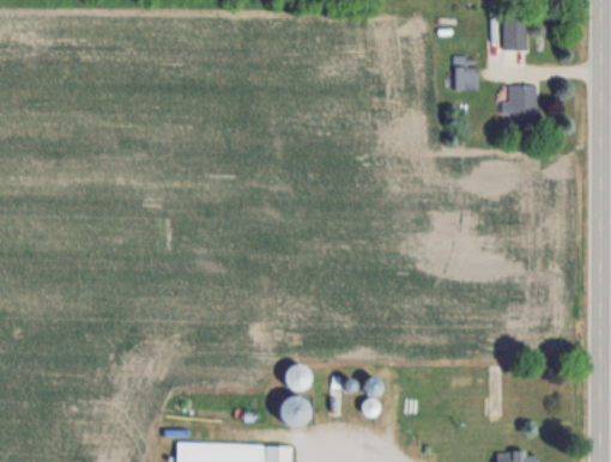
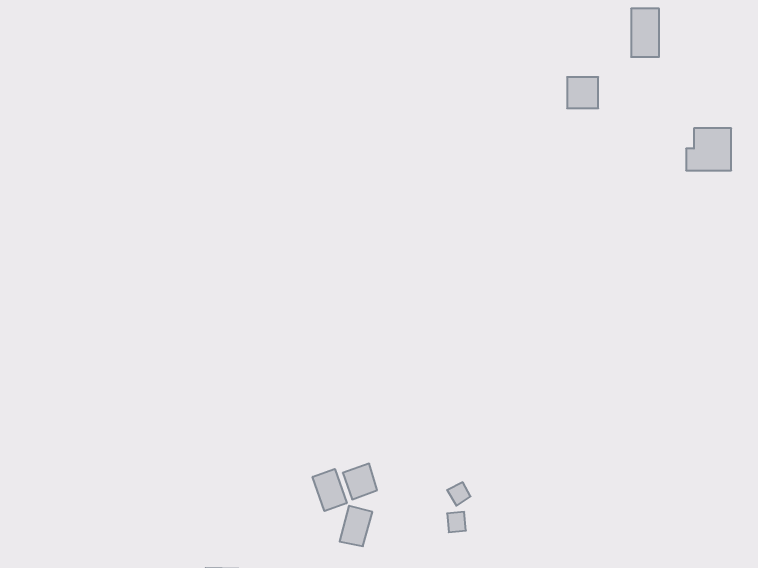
building: [501,85,536,117] -> [686,128,731,170]
building: none -> [313,469,347,511]

